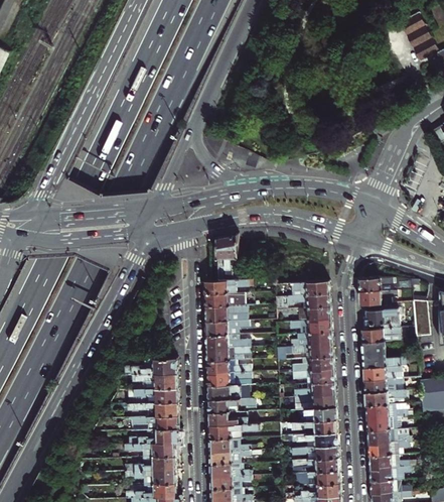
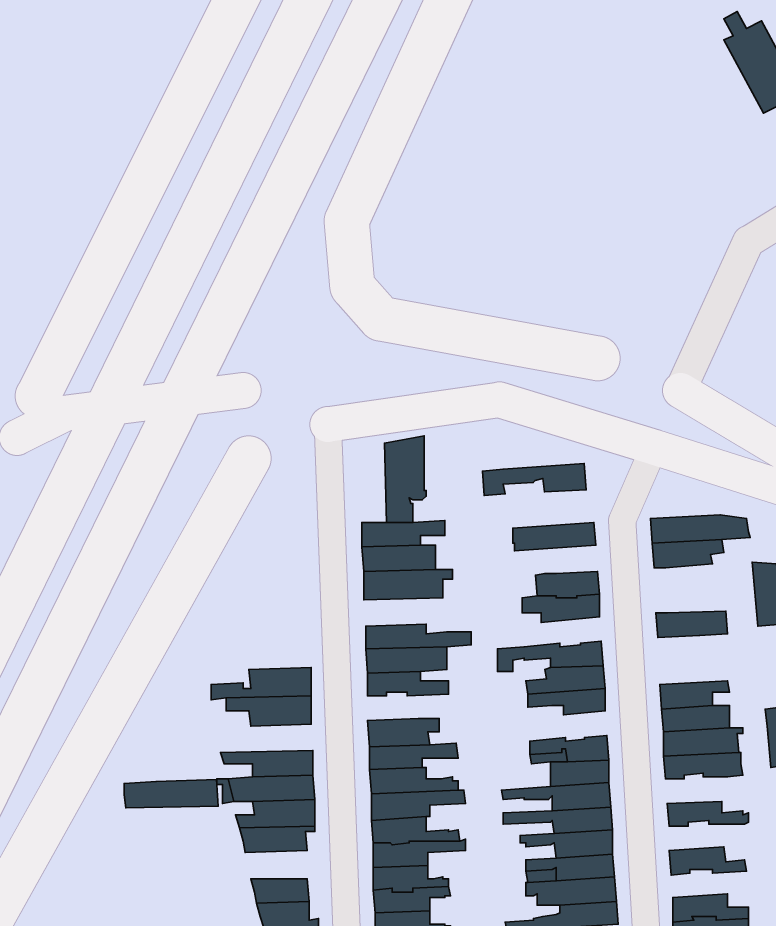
building: [275,293,330,310] -> [482,464,586,496]
building: [366,303,400,330] -> none
building: [205,322,249,337] -> none
building: [290,332,332,348] -> none
building: [362,342,409,368] -> none
building: [207,372,251,387] -> none
building: [293,382,335,398] -> none
building: [128,389,178,404] -> [124,780,218,808]
building: [366,415,397,431] -> none
building: [368,441,409,457] -> none
building: [142,457,175,472] -> none
building: [369,467,410,482] -> none

